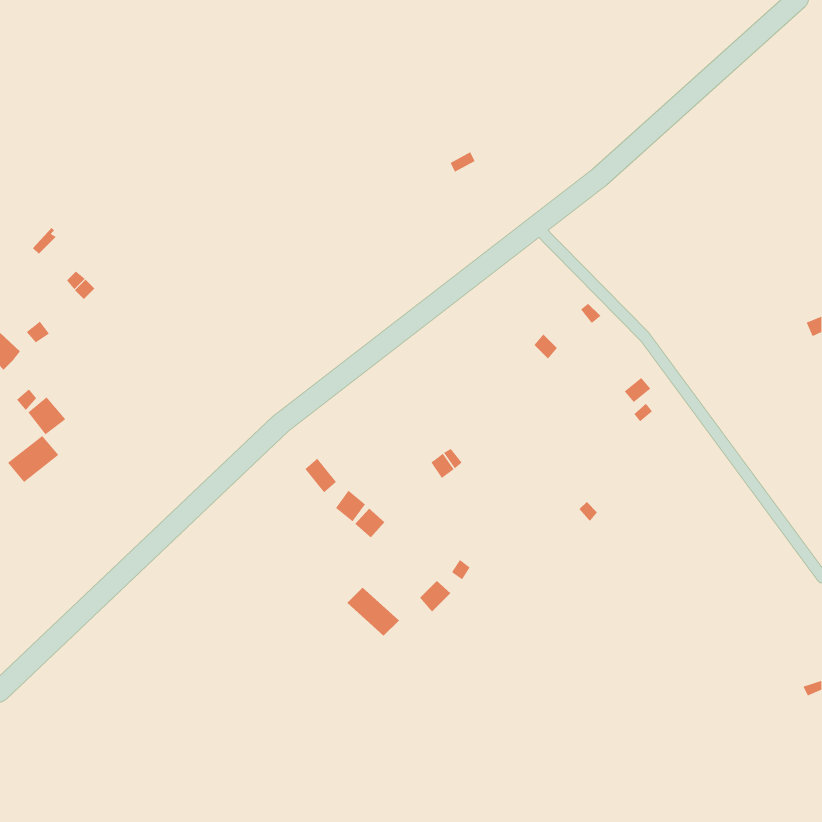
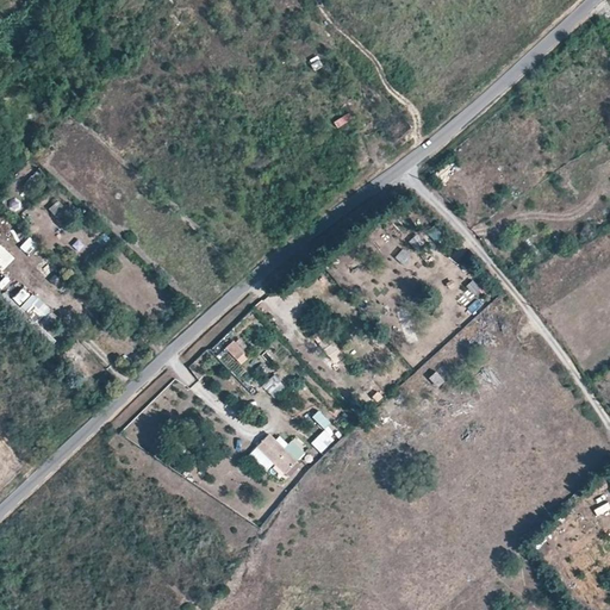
building: [7,435,59,483] -> none

